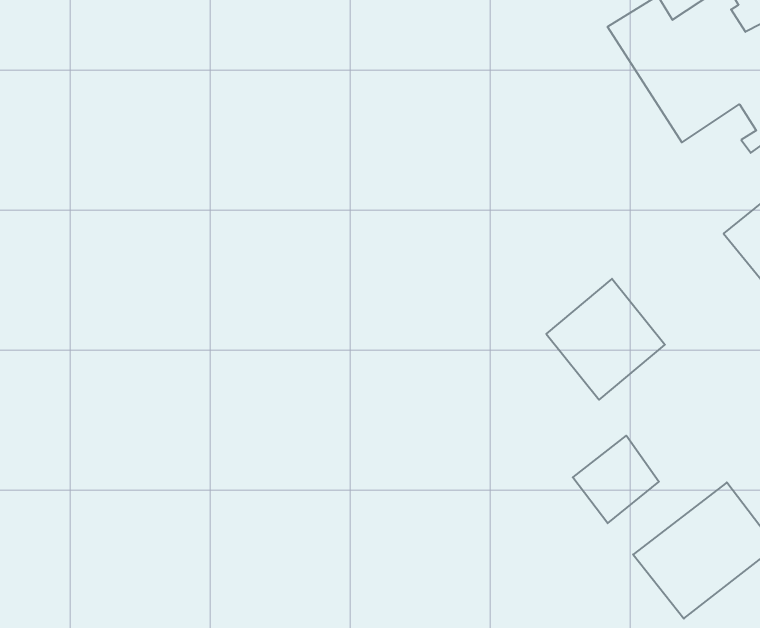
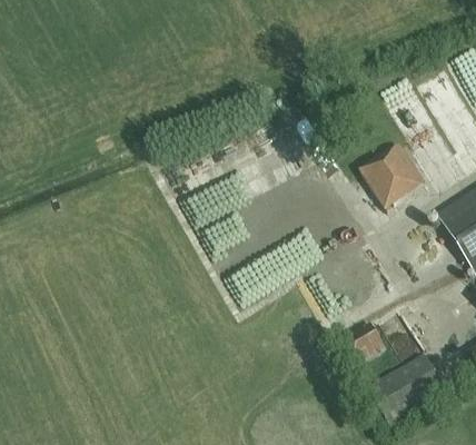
building: [546,279,665,400] -> [361,140,427,207]

